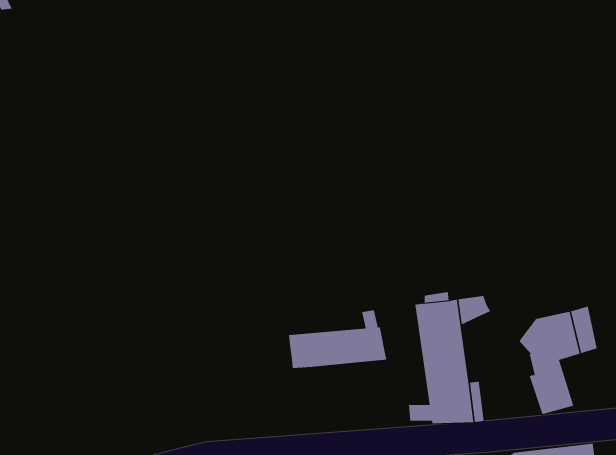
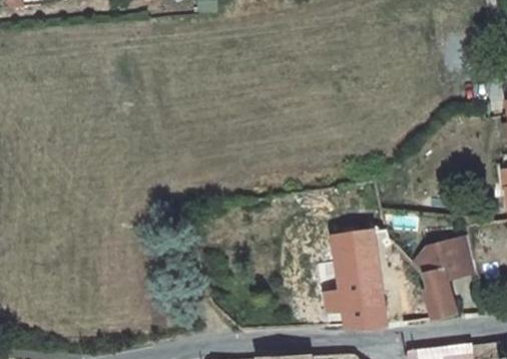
building: [288,310,387,369] -> none

